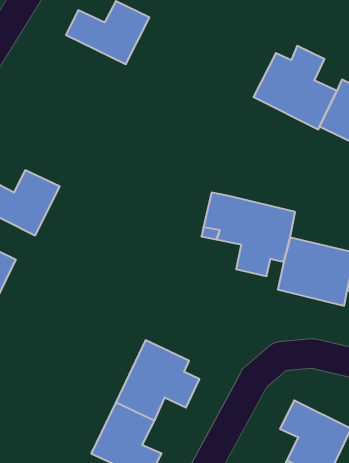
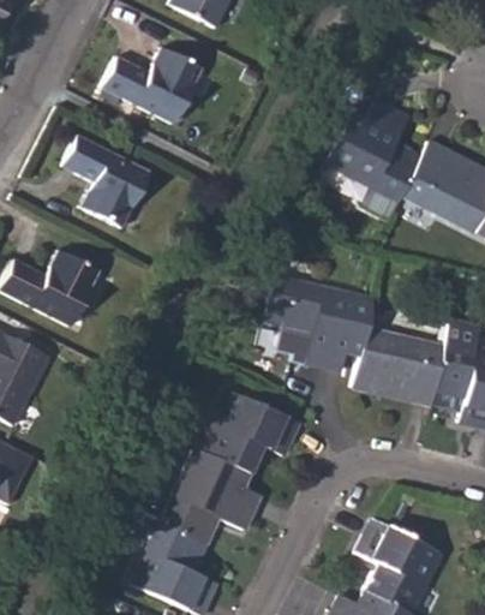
building: none -> [62,133,149,227]
building: none -> [205,392,301,473]

